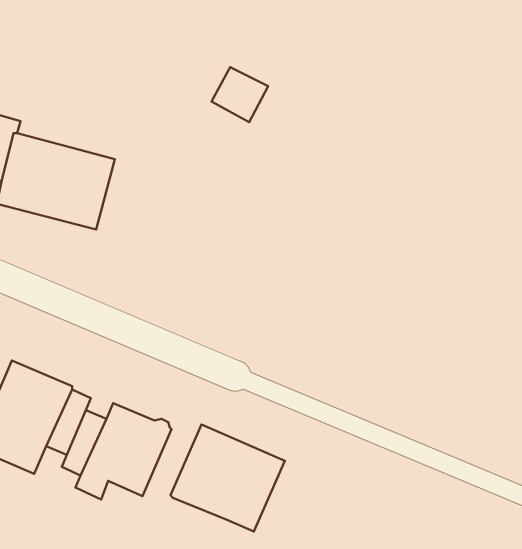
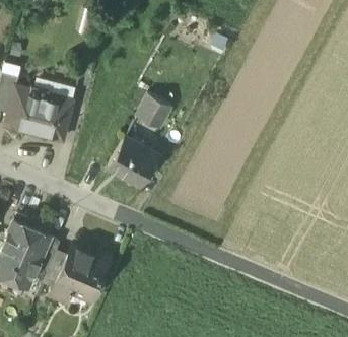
building: [211,67,268,122] -> [138,97,171,130]
building: none -> [110,139,154,187]
building: [171,424,285,532] -> none

